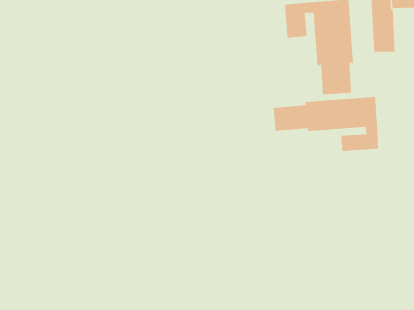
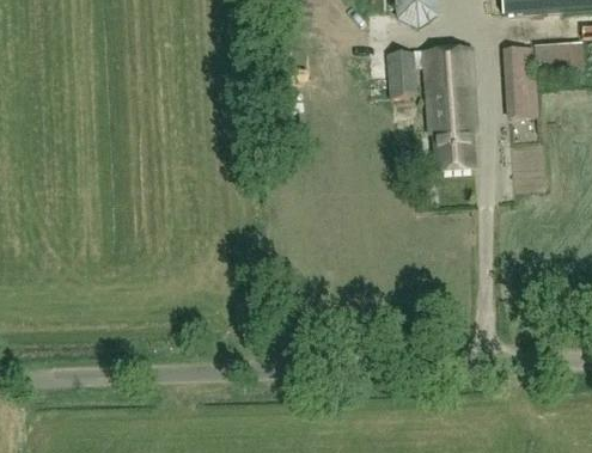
building: [273,96,379,152] -> none

